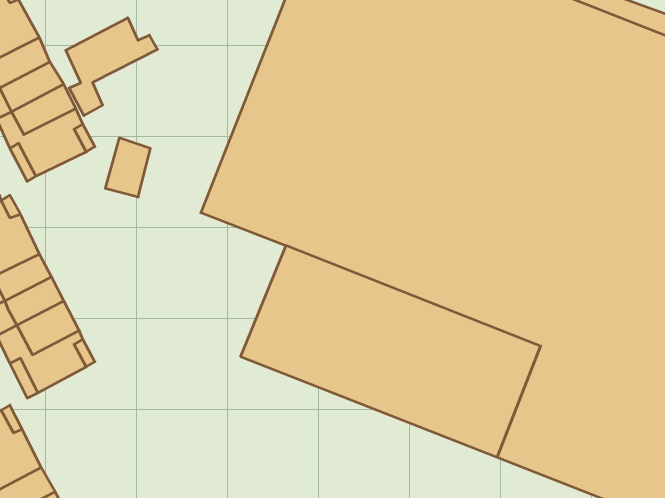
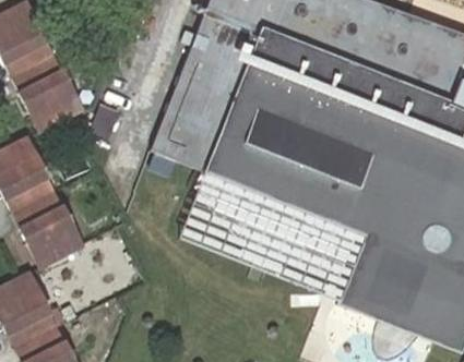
building: [66,18,158,116] -> none

